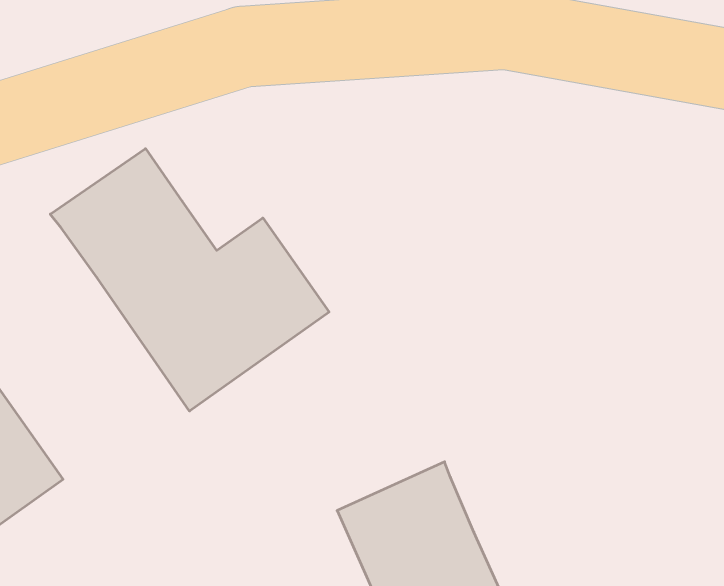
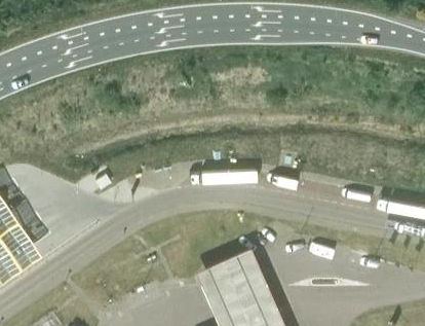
building: [50,149,329,411] -> none

